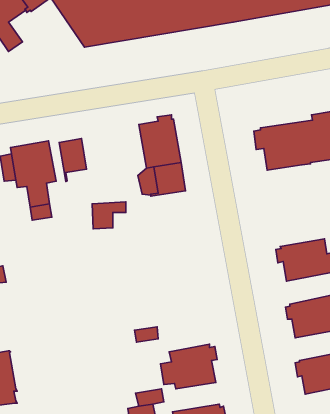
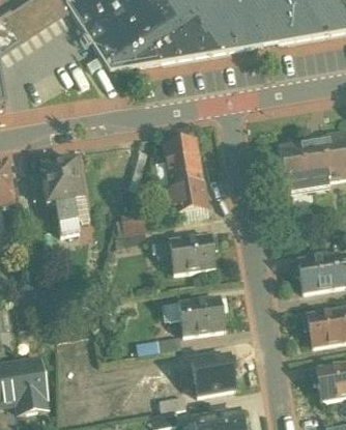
building: [59,139,87,182] -> none
building: none -> [169,233,218,273]
building: none -> [179,295,227,334]

